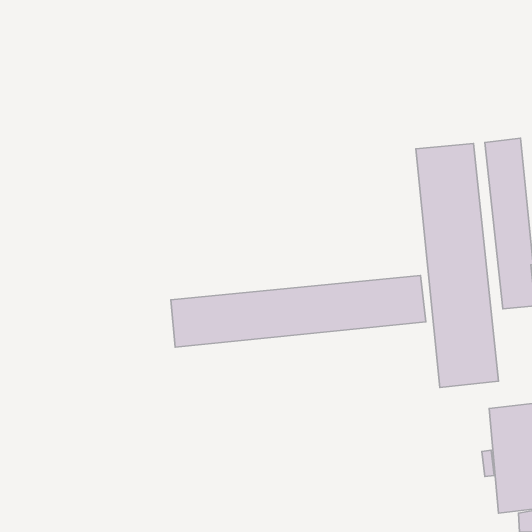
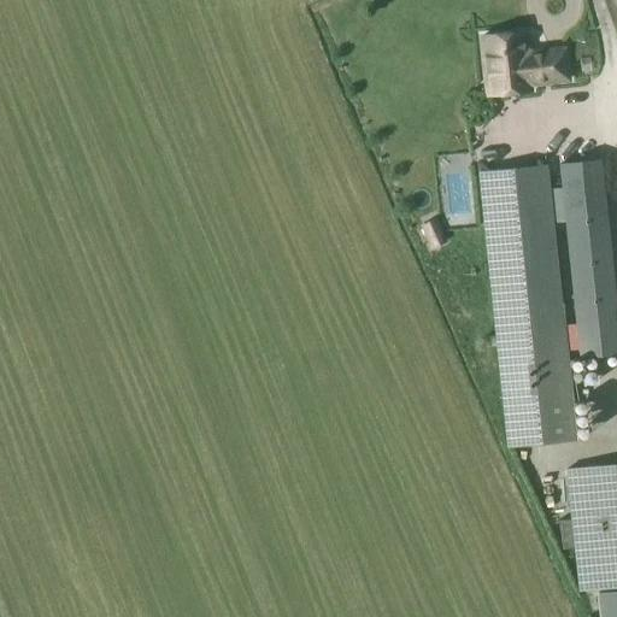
building: none -> [483,31,570,94]
building: [171,276,426,347] -> none

